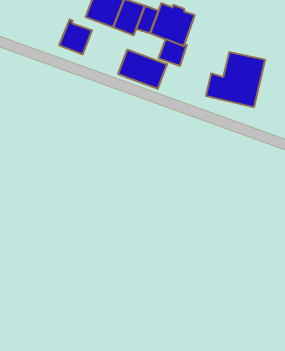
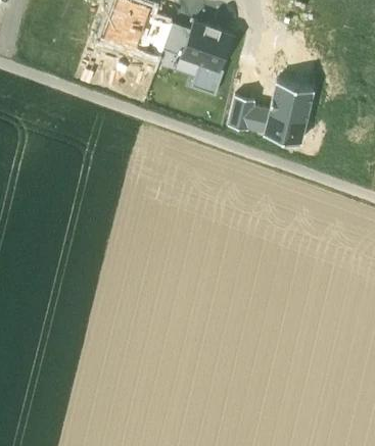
building: [59,19,92,54] -> none
building: [118,50,167,89] -> none
building: none -> [228,96,253,131]

